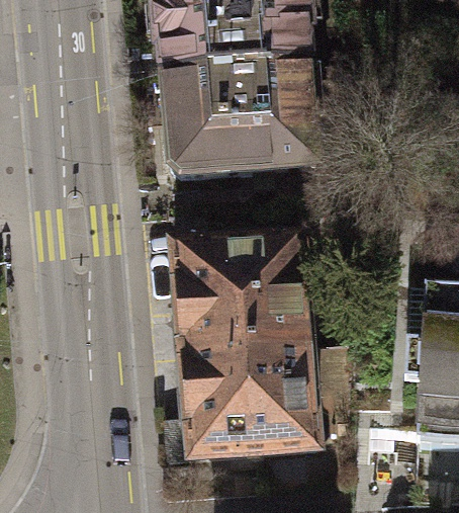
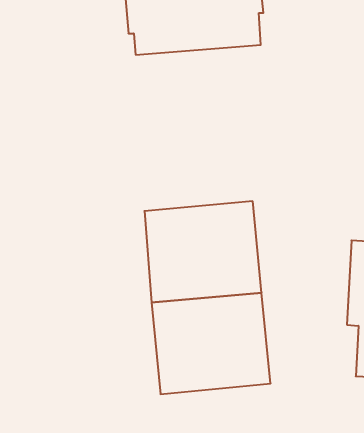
building: [167,60,317,175] -> none

